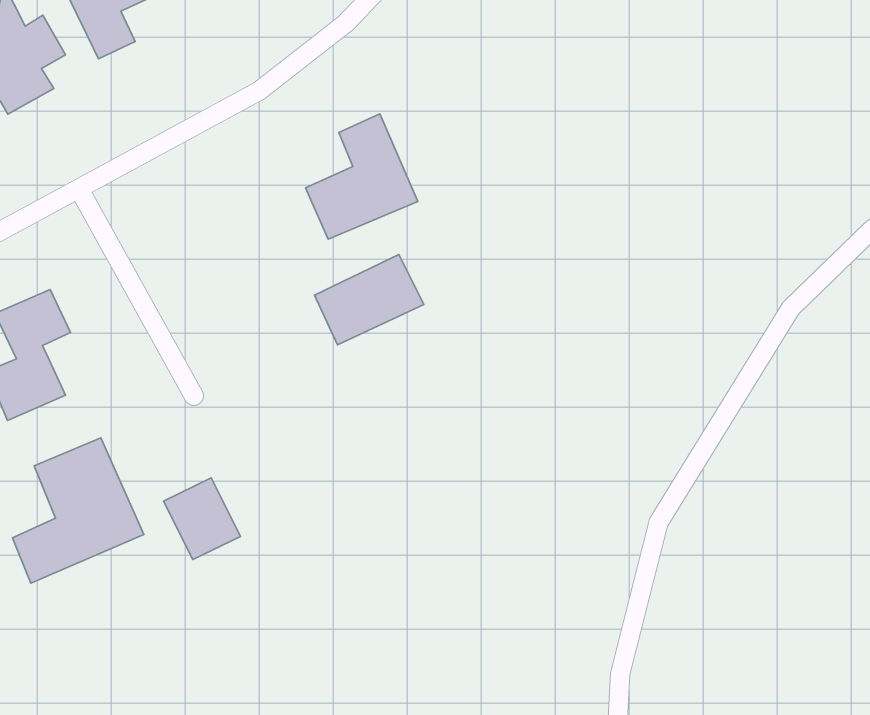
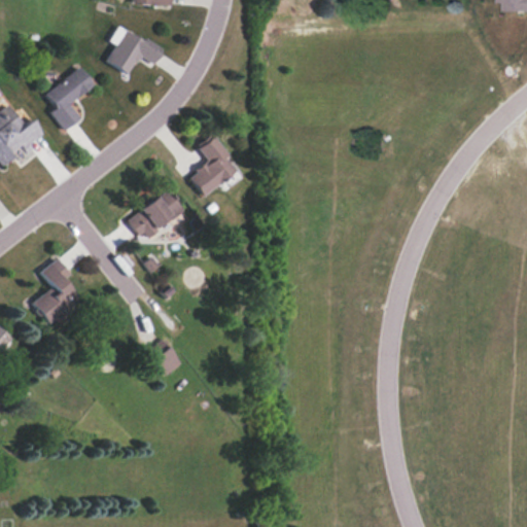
building: [315,255,424,345] -> [126,188,183,241]
building: [12,438,144,583] -> none

